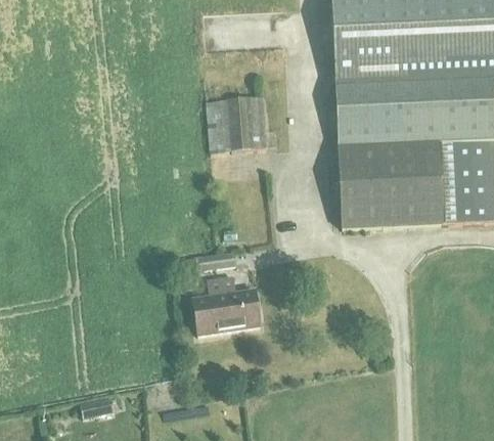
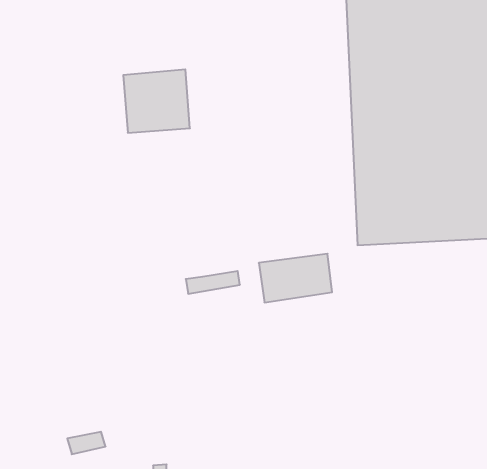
building: [207,94,267,151] -> [123,69,190,133]
building: [193,289,260,333] -> [259,254,332,302]

